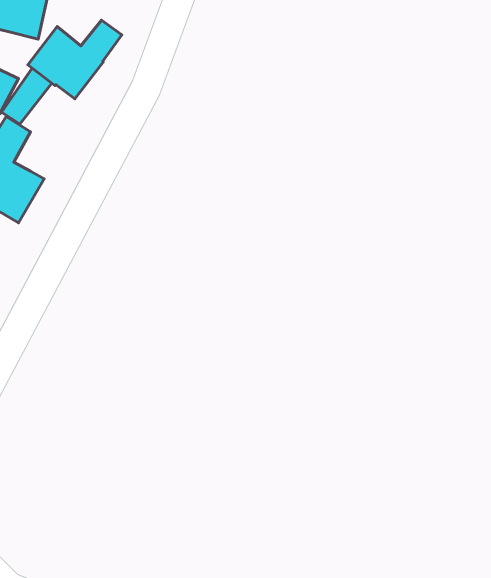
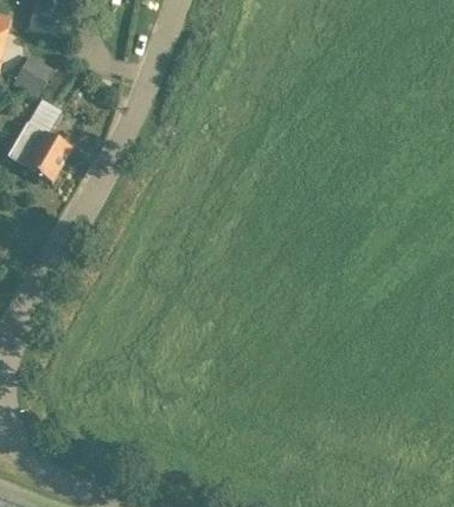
building: [28,20,122,99] -> none

